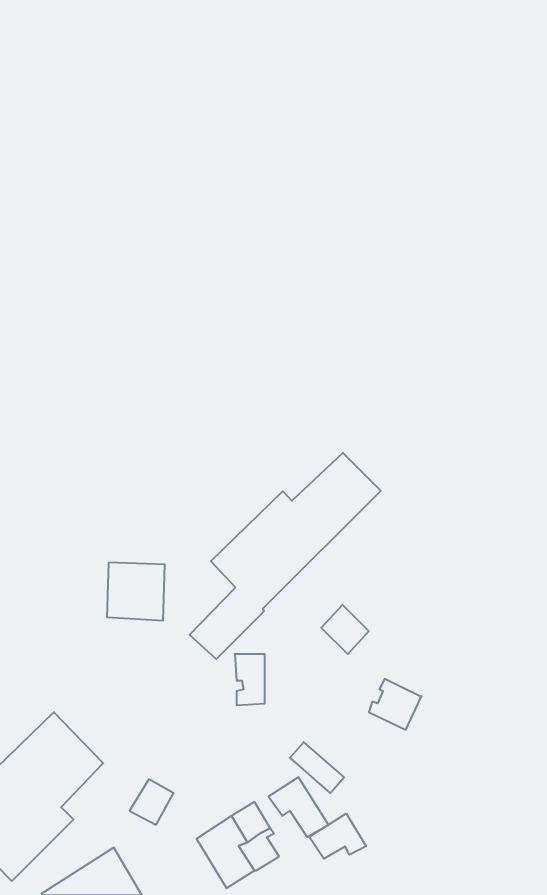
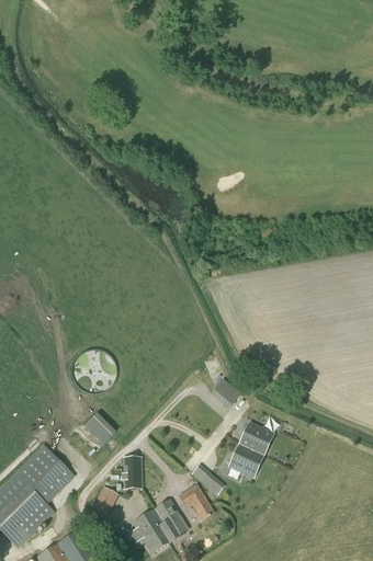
building: [189,453,381,659] -> none
building: [235,654,265,705] -> [122,457,140,489]
building: none -> [83,413,114,444]
building: none -> [228,444,262,477]
building: [309,814,366,859] -> none

